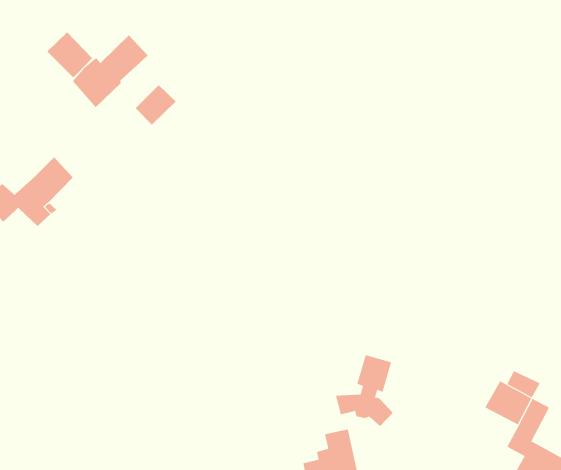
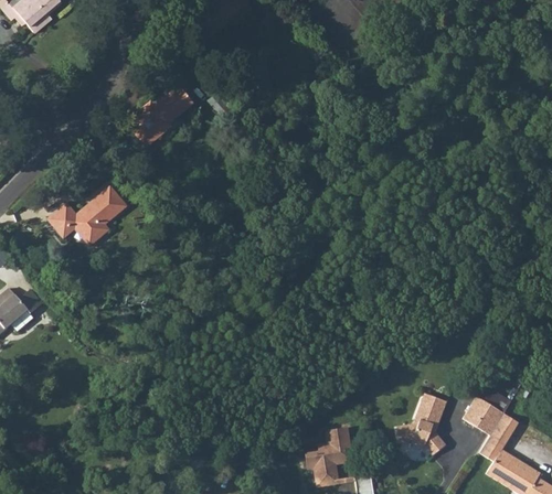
building: [46,32,93,78] -> none
building: [135,84,177,126] -> none
building: [335,355,394,427] -> [395,393,445,454]

